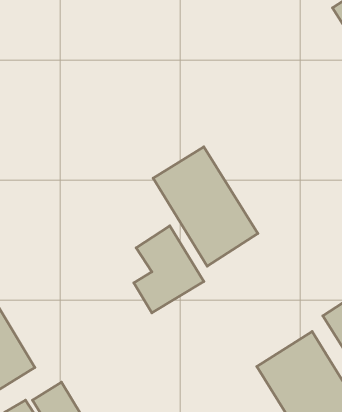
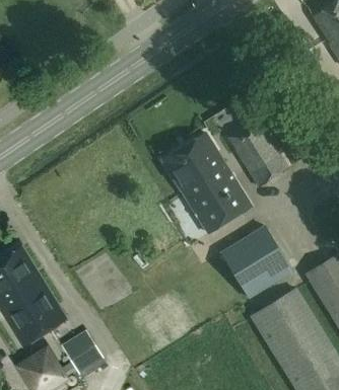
building: none -> [228,120,289,187]
building: [134,226,204,313] -> [233,225,292,298]

